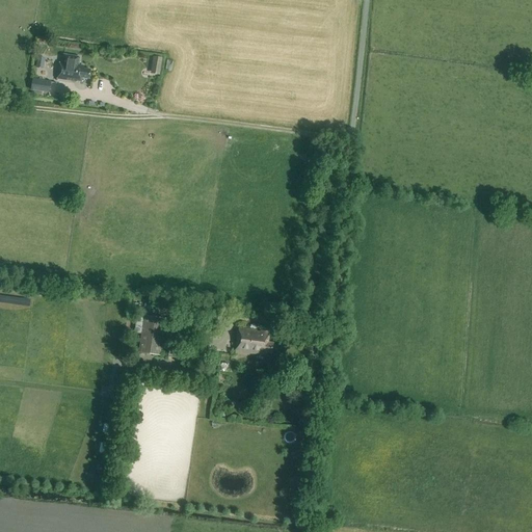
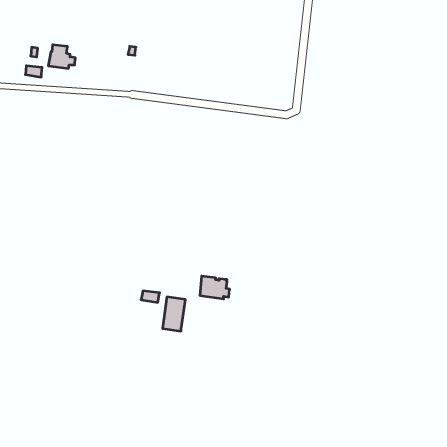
building: [139,314,166,354] -> [163,297,185,331]

